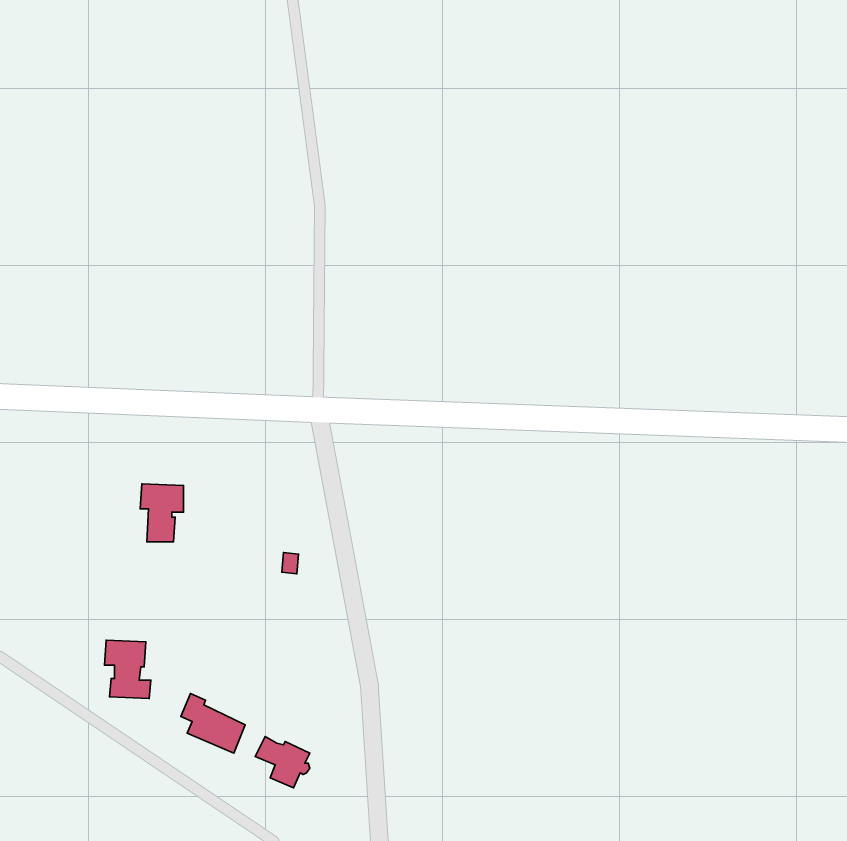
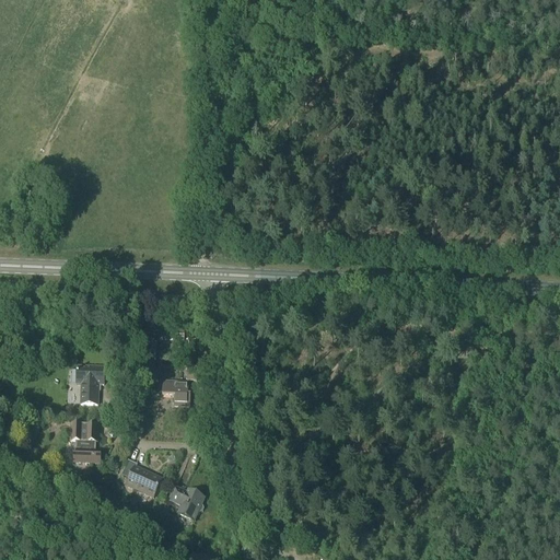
building: [140,484,183,542] -> [75,364,104,402]
building: none -> [162,380,190,405]

